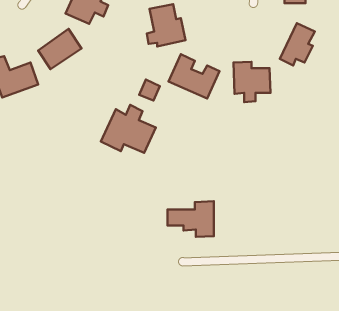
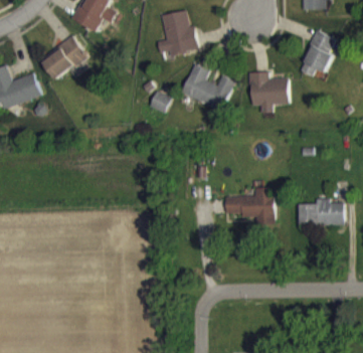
building: [101,105,156,153] -> none
building: none -> [299,201,343,225]
building: [168,201,214,237] -> [224,187,274,225]

